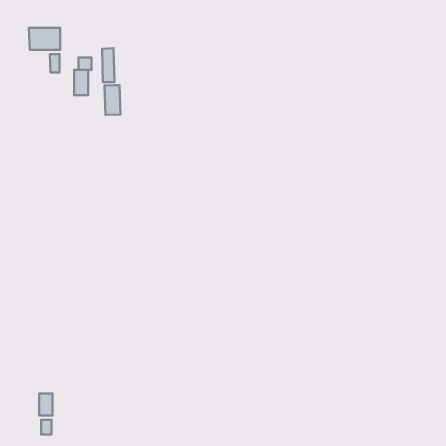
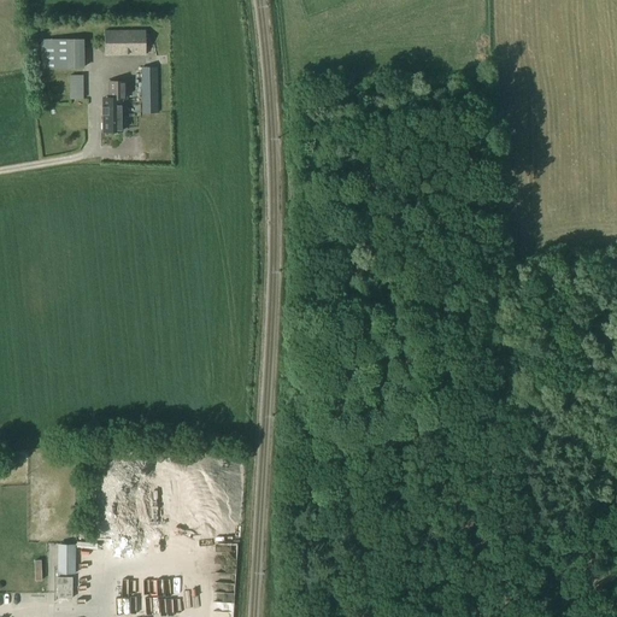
building: none -> [104,30,146,55]
building: [105,85,120,115] -> none

